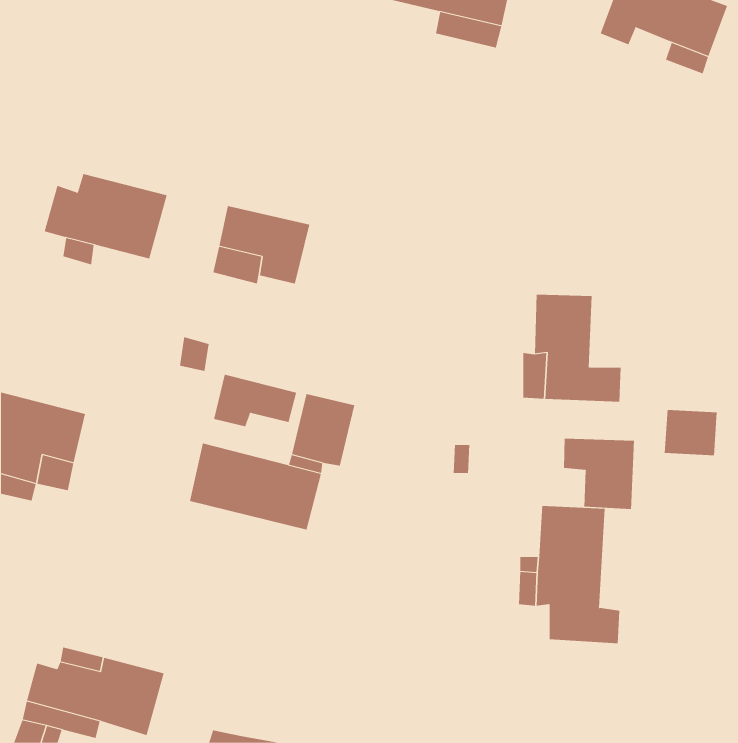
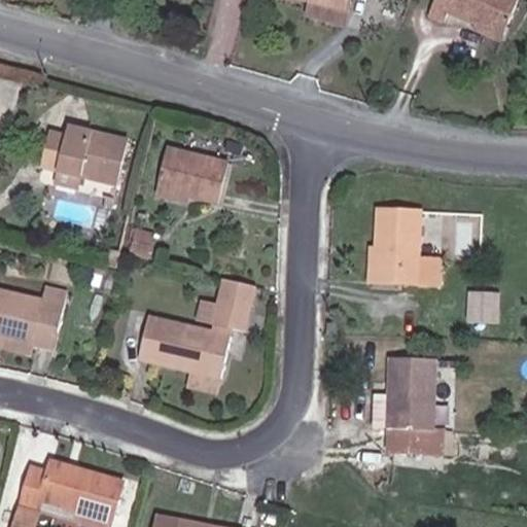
building: [214,374,297,427] -> none
building: [563,438,635,510] -> none

